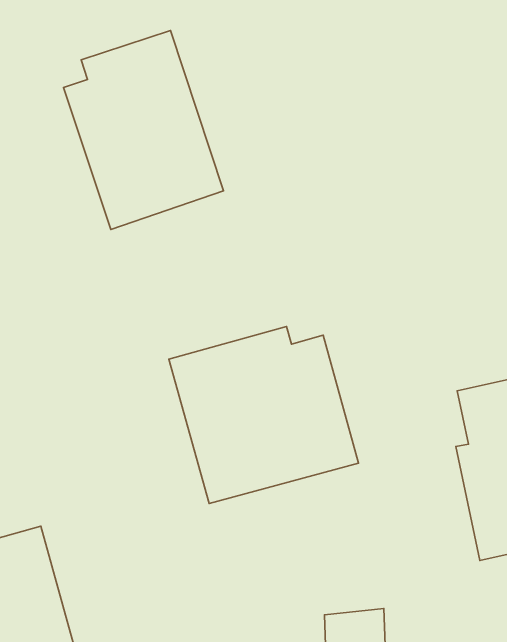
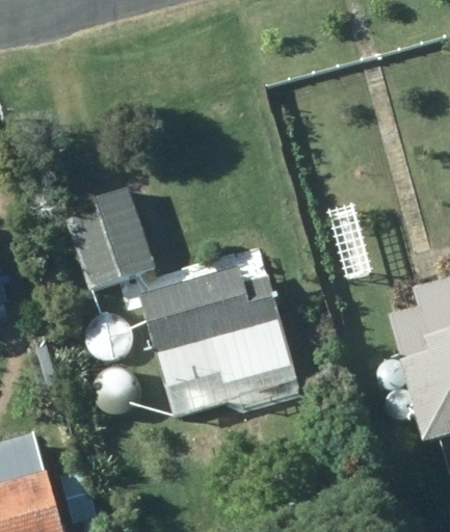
building: [64,30,223,229] -> none
building: none -> [62,188,155,290]

